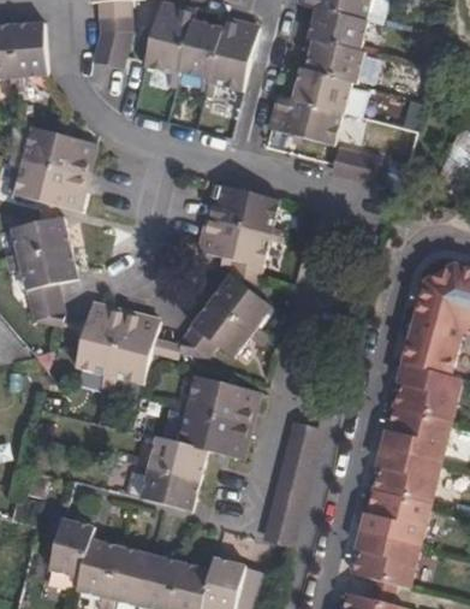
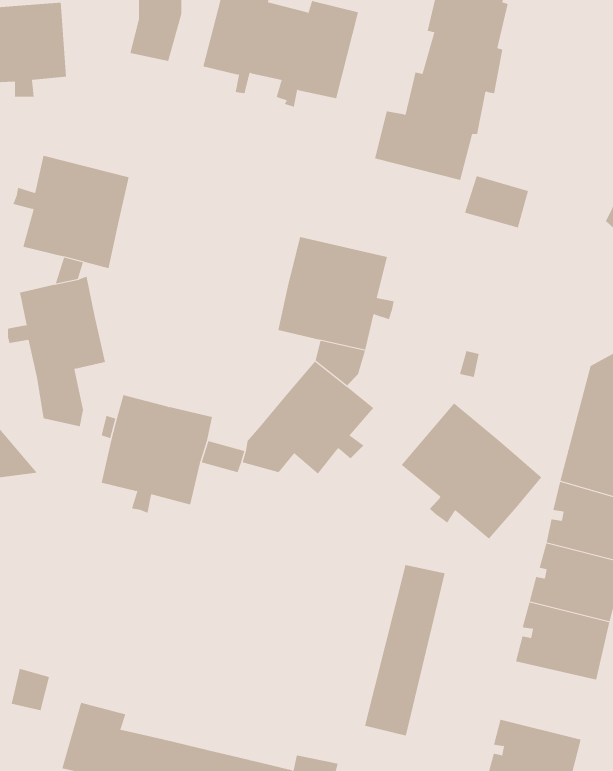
building: none -> [401,403,542,539]
building: [132,374,256,509] -> none
building: [358,490,427,545] -> none

